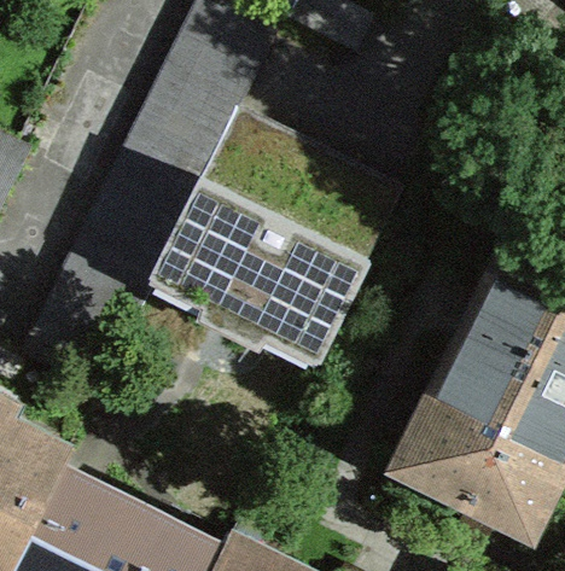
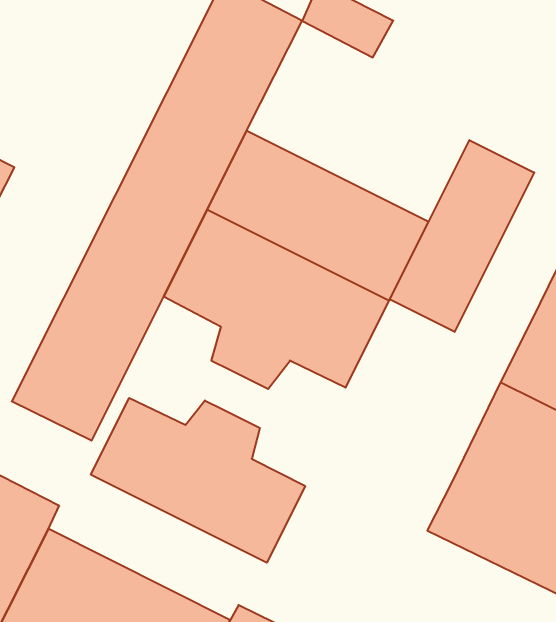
building: none -> [390,140,534,332]
building: none -> [91,398,305,563]

